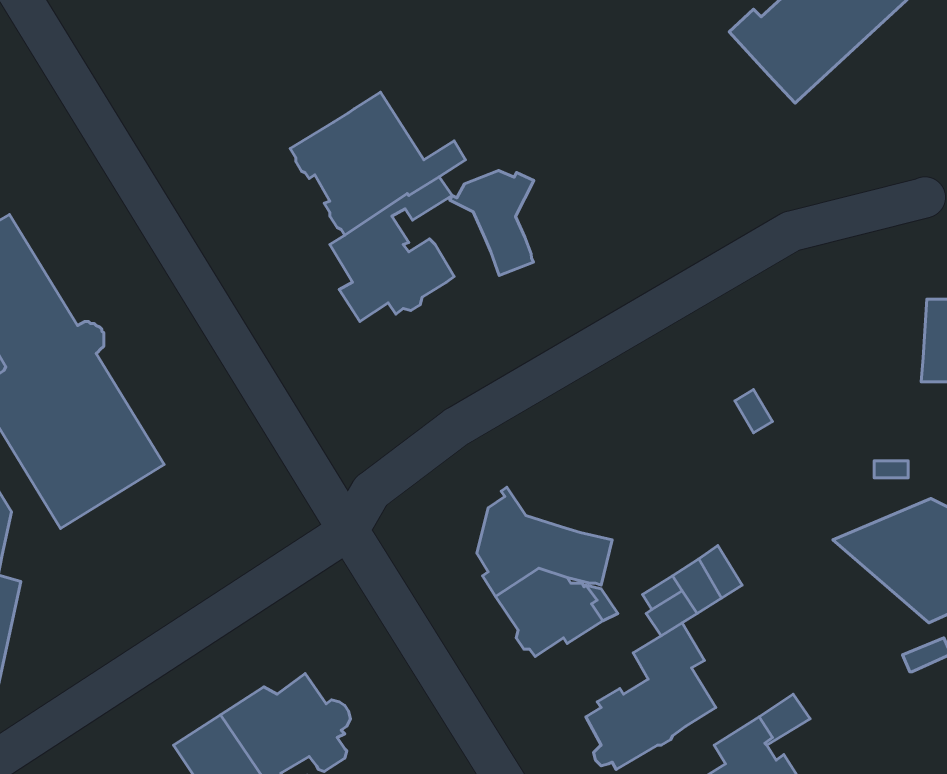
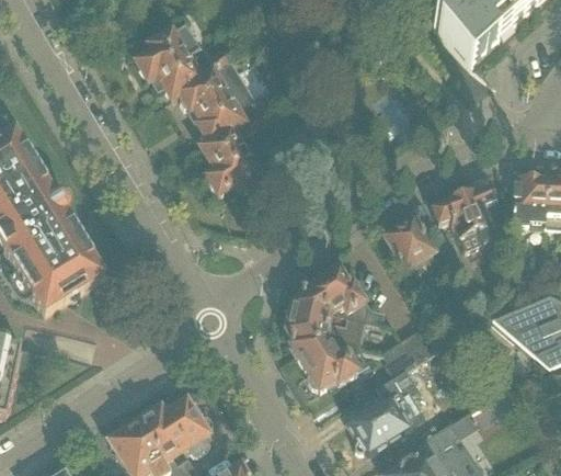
building: none -> [134,23,228,95]
building: [450,170,534,275] -> none
building: none -> [510,177,546,227]
building: none -> [428,183,495,248]
building: none -> [382,217,433,283]
building: none -> [301,267,382,324]

